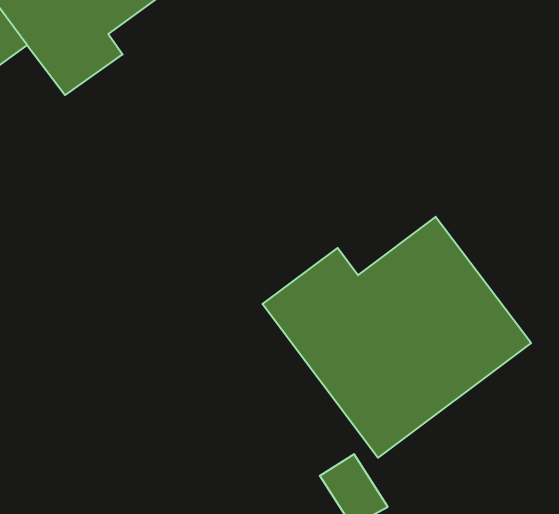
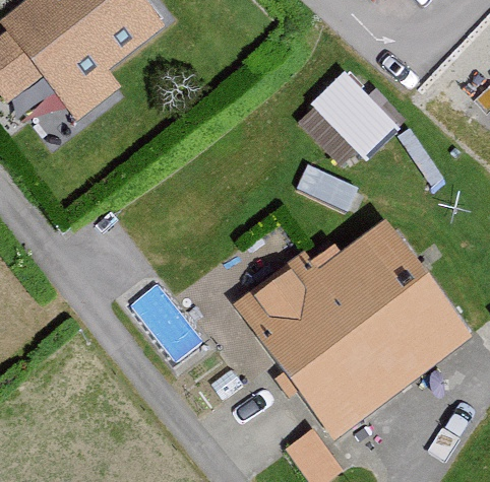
building: none -> [301,67,403,167]

